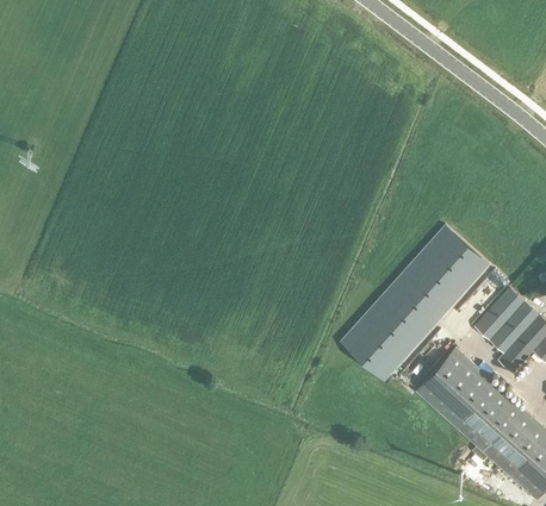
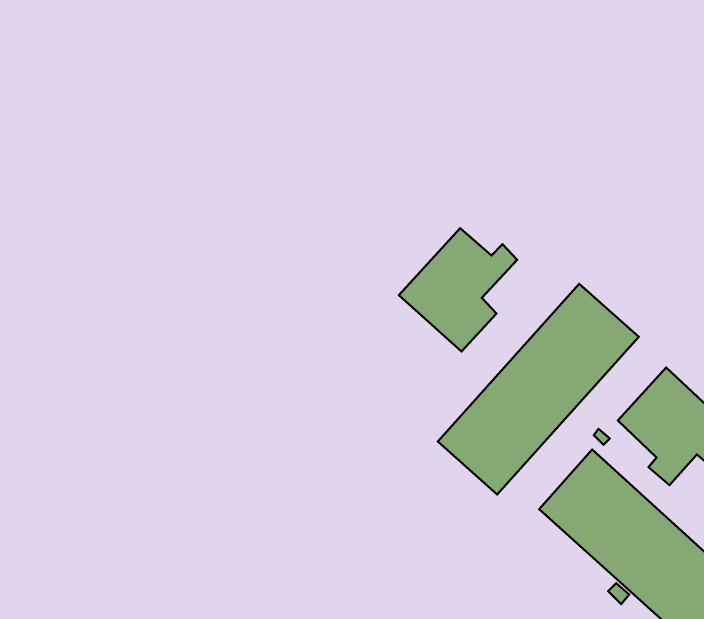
building: none -> [399,228,517,352]

